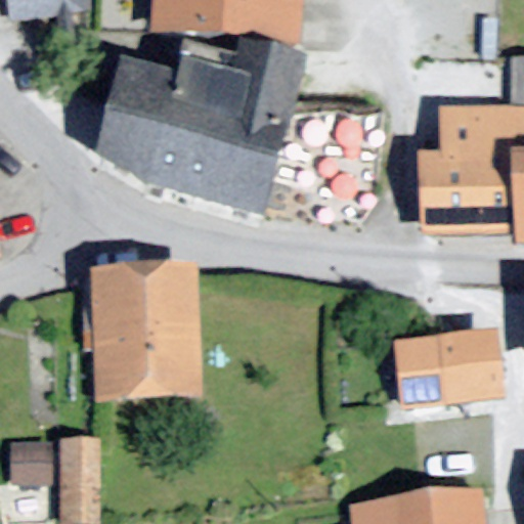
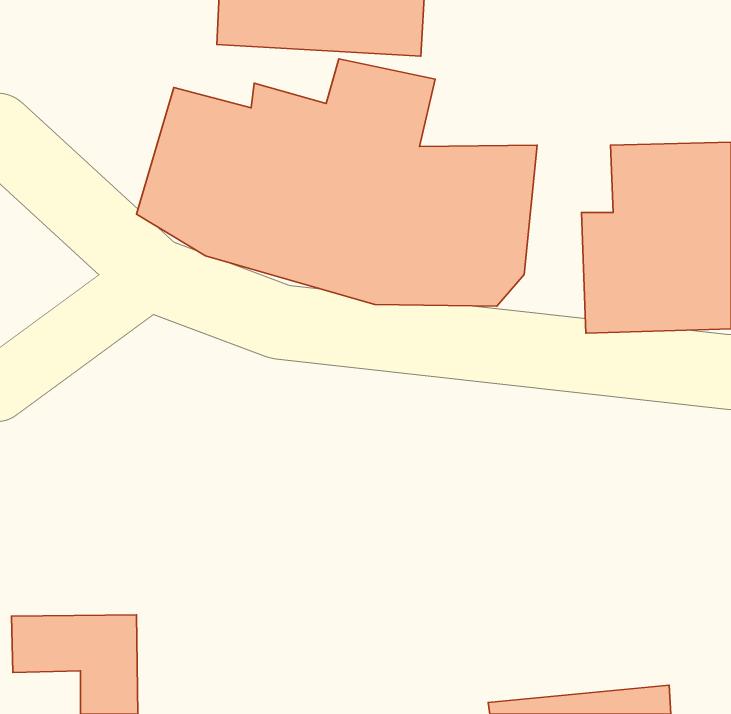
building: [91,267,201,398] -> none
building: [404,328,503,408] -> none

